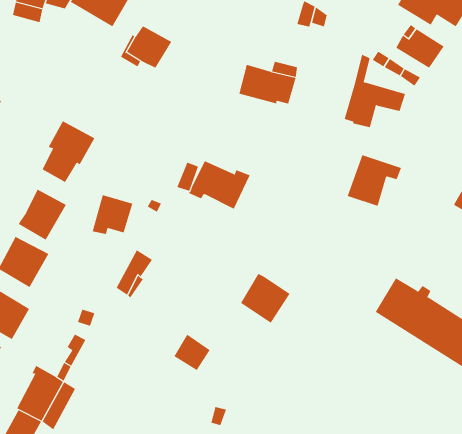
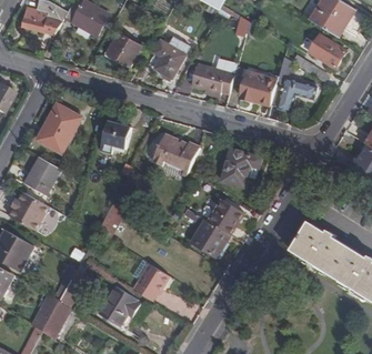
building: none -> [144,38,188,81]
building: none -> [240,72,277,101]
building: [347,155,402,206] -> [220,149,261,188]
building: [92,195,133,235] -> [100,121,131,151]
building: none -> [209,200,243,235]
building: none -> [99,286,140,330]

